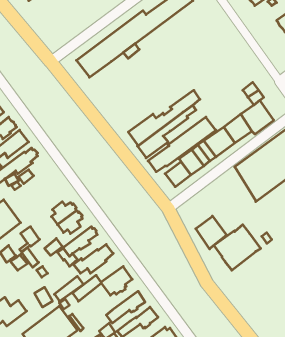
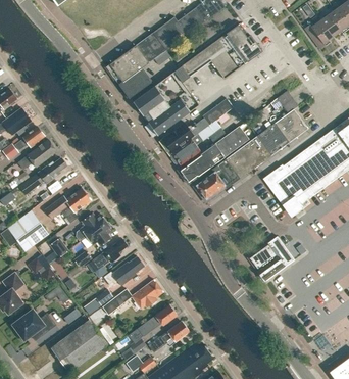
building: none -> [133,23,261,136]
building: none -> [119,68,152,98]
building: none -> [45,187,91,219]
building: [196,216,227,249] -> none

